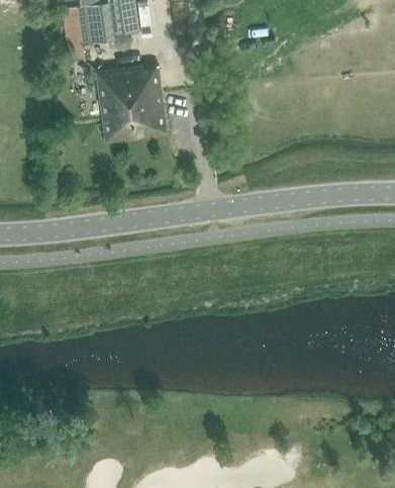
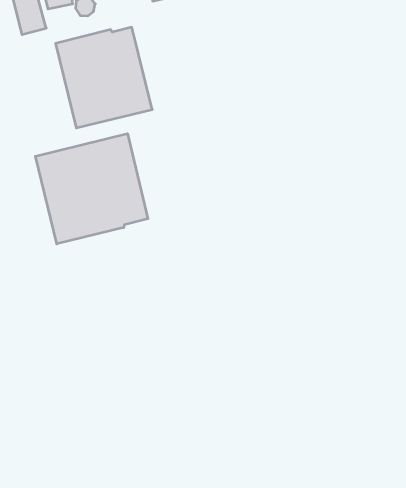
building: none -> [35,134,148,244]

